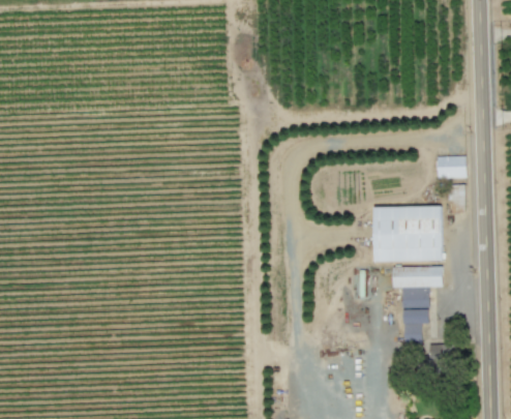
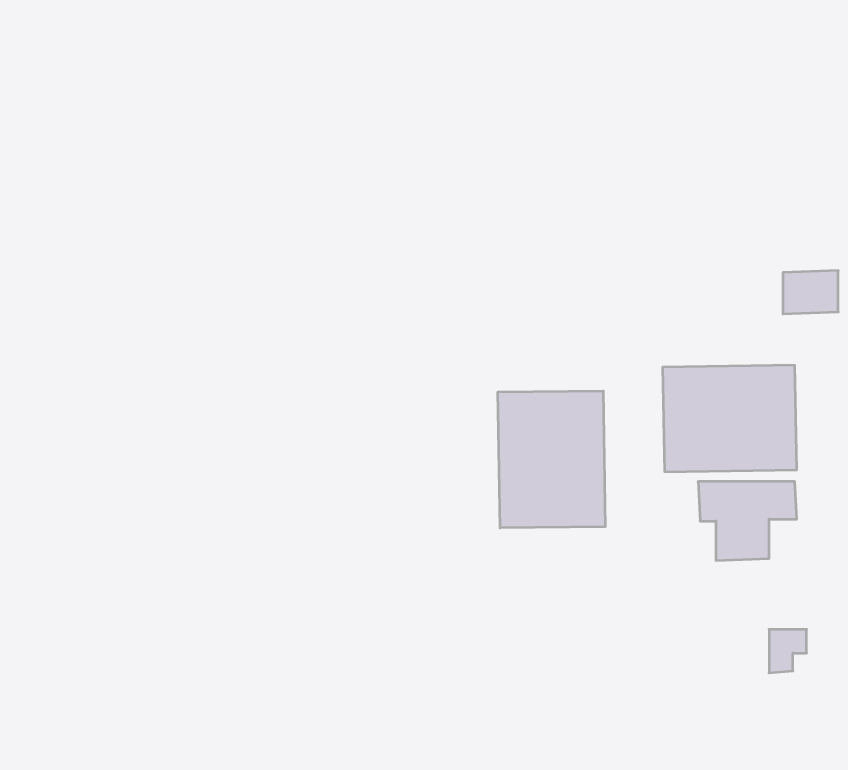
building: none -> [498,391,605,528]
building: [402,309,428,342] -> none

